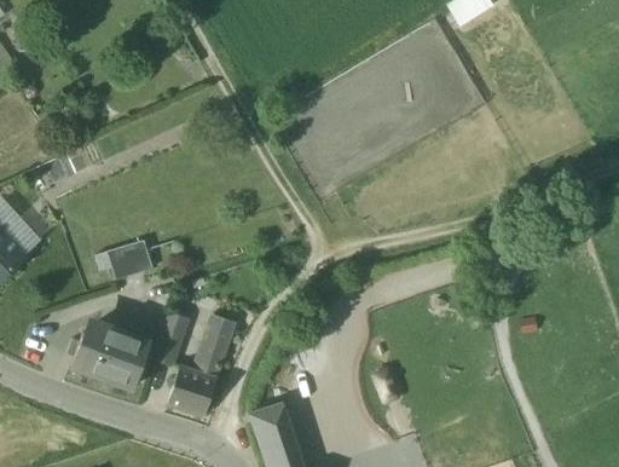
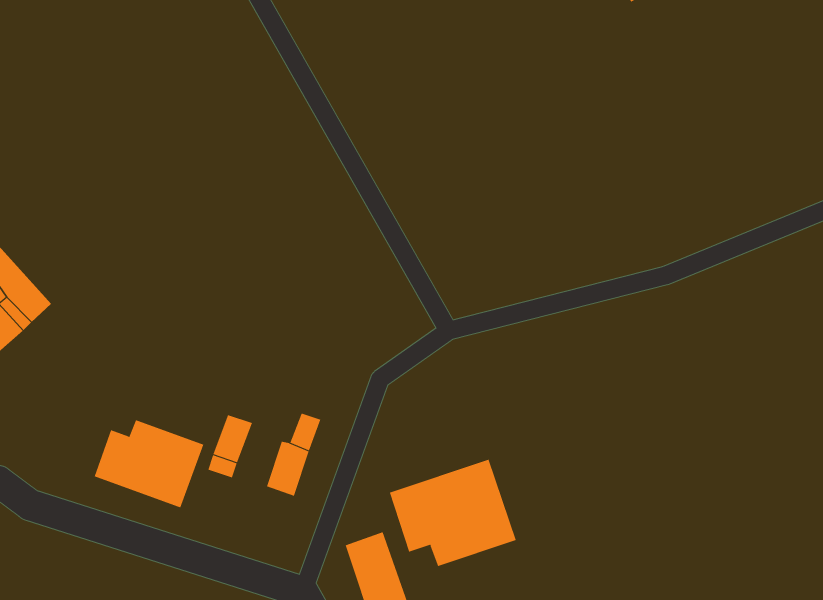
building: [106,238,152,278] -> none
building: none -> [389,459,516,567]
building: [169,367,216,415] -> none

